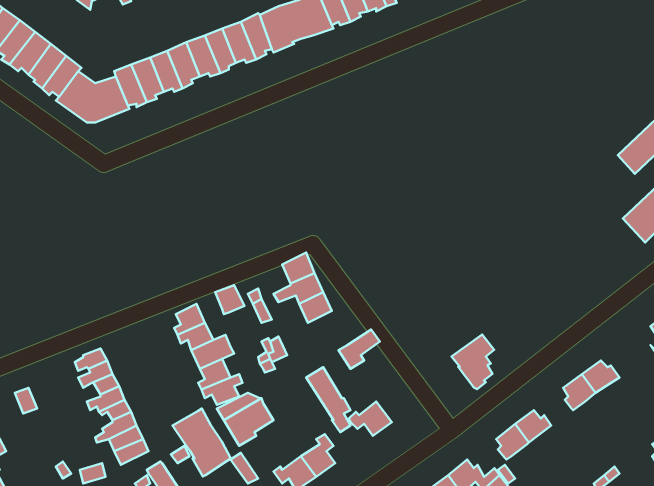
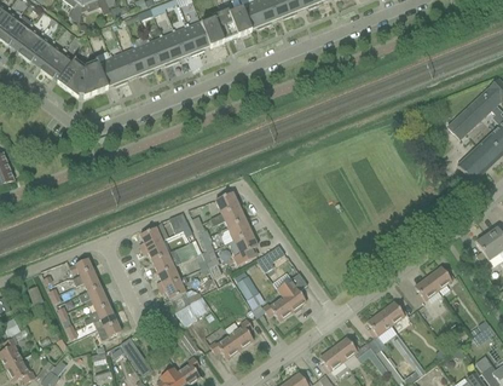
building: none -> [229,231,258,264]
building: [451,334,494,389] -> [277,272,307,311]
building: [172,408,231,476] -> none

